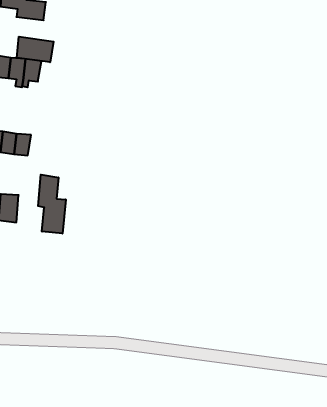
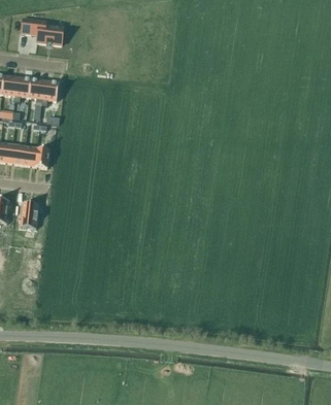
building: [17,37,54,62] -> none
building: [38,175,66,234] -> none

